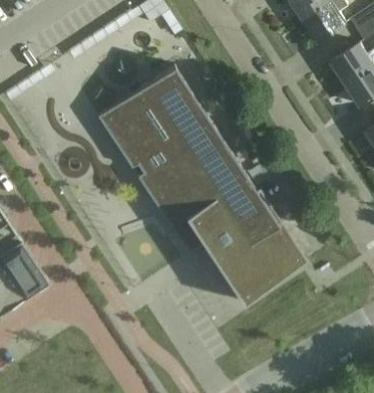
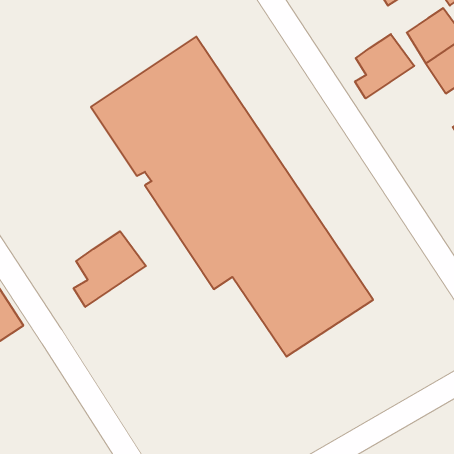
building: none -> [355,34,414,98]
building: none -> [74,231,146,307]

